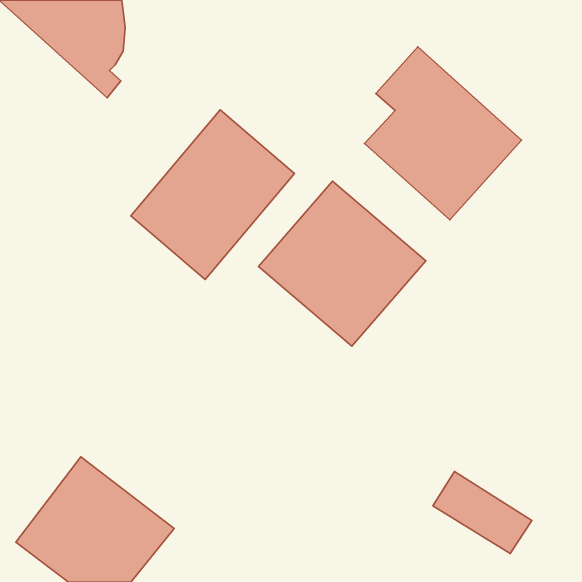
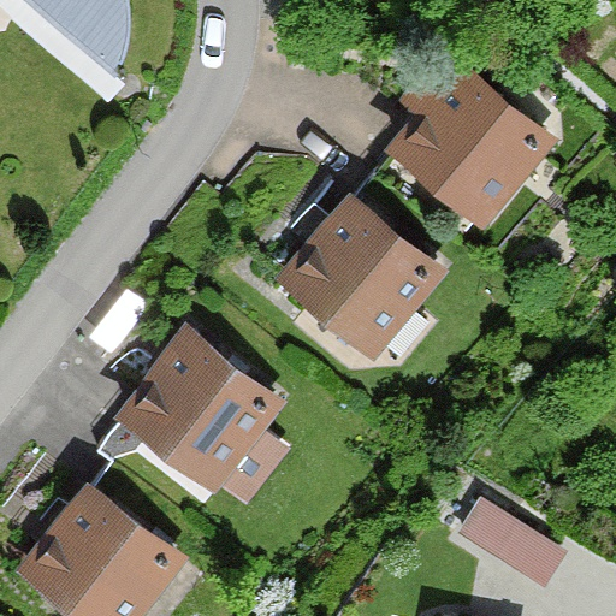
building: [131,110,295,279] -> none
building: none -> [116,326,284,493]

